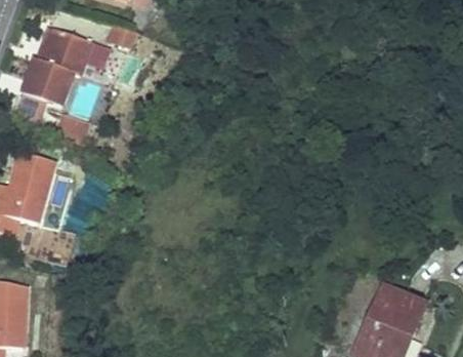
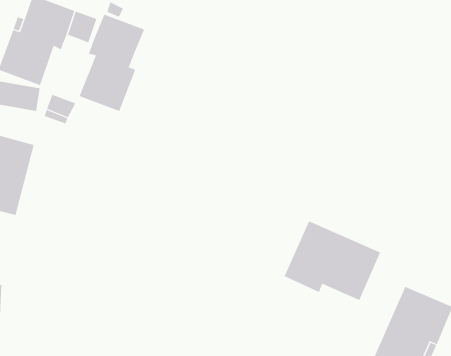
building: none -> [79,14,145,112]
building: none -> [284,221,381,301]

